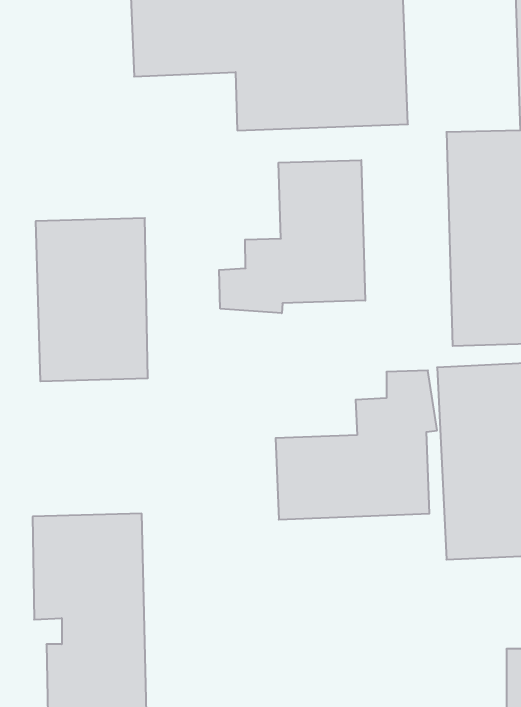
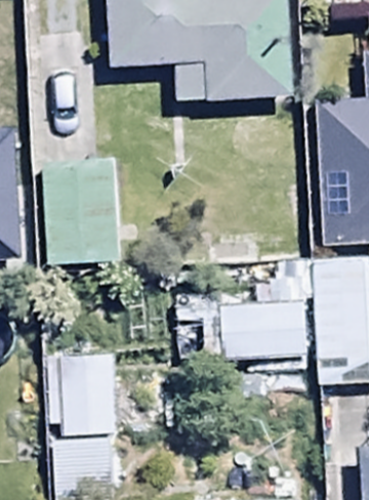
building: [219,160,365,313] -> none

